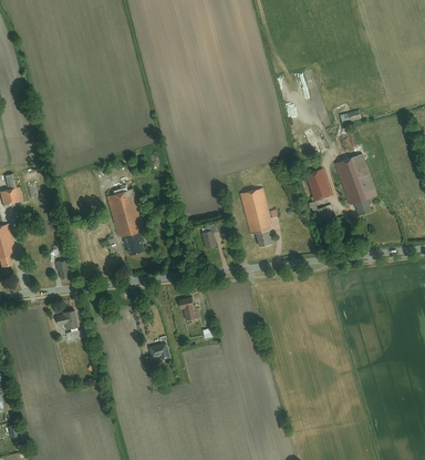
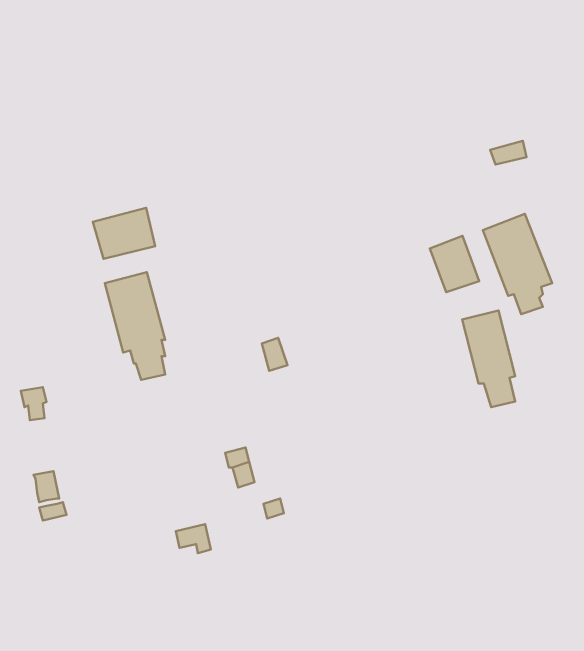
building: none -> [93,208,155,259]
building: [241,188,273,247] -> [462,310,515,407]

